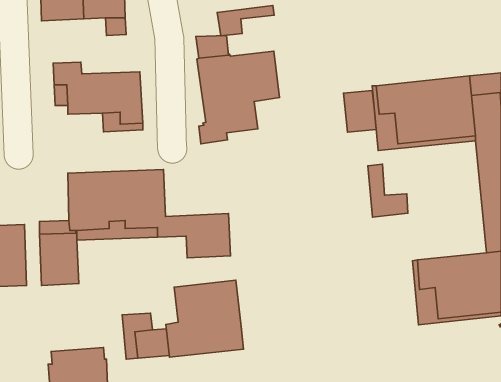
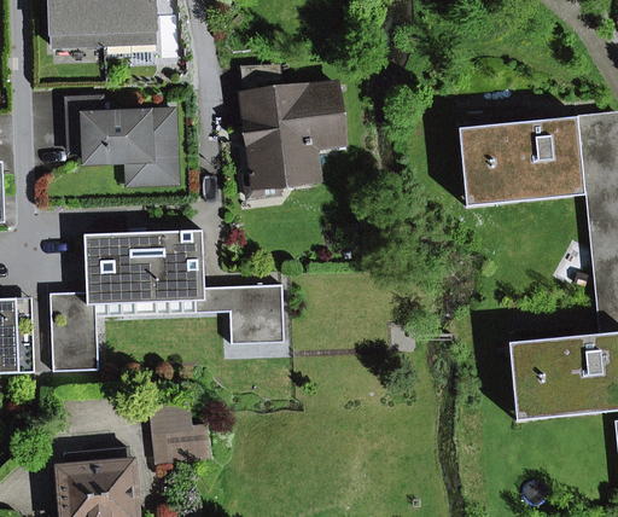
building: [217,6,274,36] -> none
building: [343,90,376,132] -> none
building: [368,164,408,217] -> none
building: [166,280,244,357] -> none

